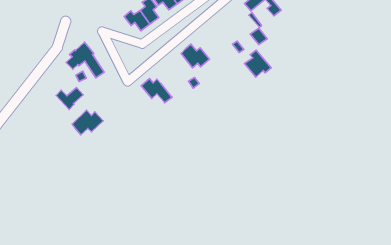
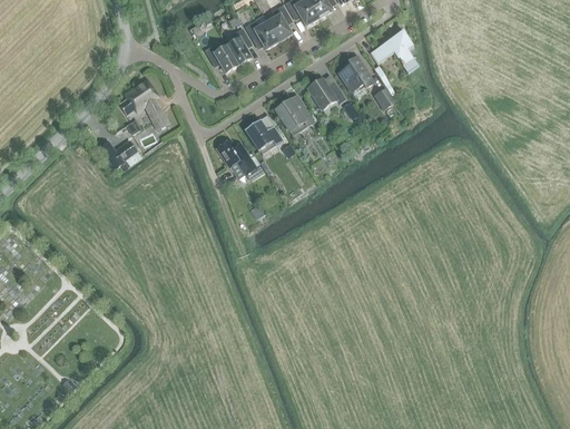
building: none -> [306,77,345,108]
building: [244,50,271,77] -> [337,55,373,91]
building: none -> [244,118,283,150]
building: [72,110,103,135] -> none

